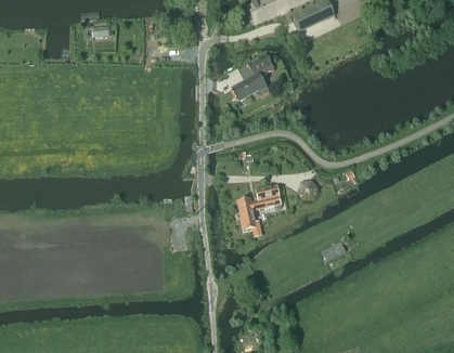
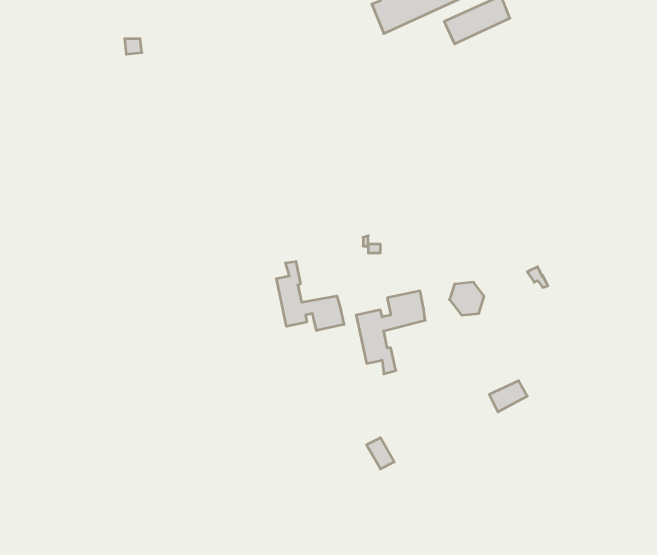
building: [230,52,273,100] -> none
building: none -> [276,261,344,331]

